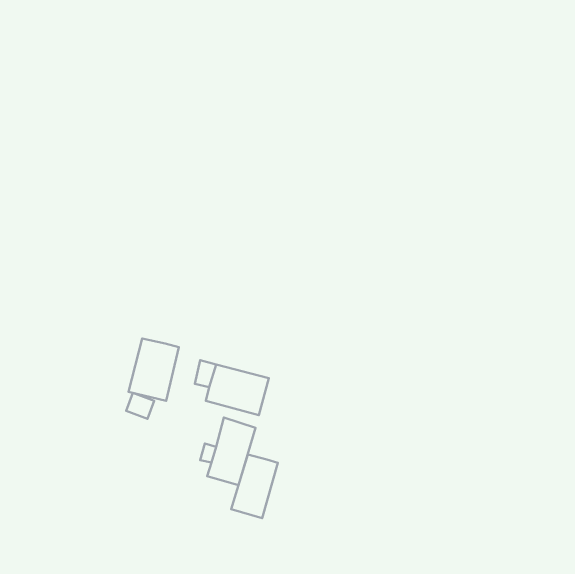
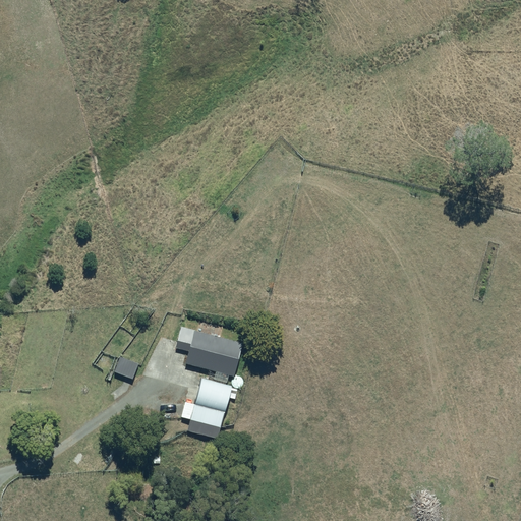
building: [128,339,179,401] -> none
building: [231,455,278,518] -> none

